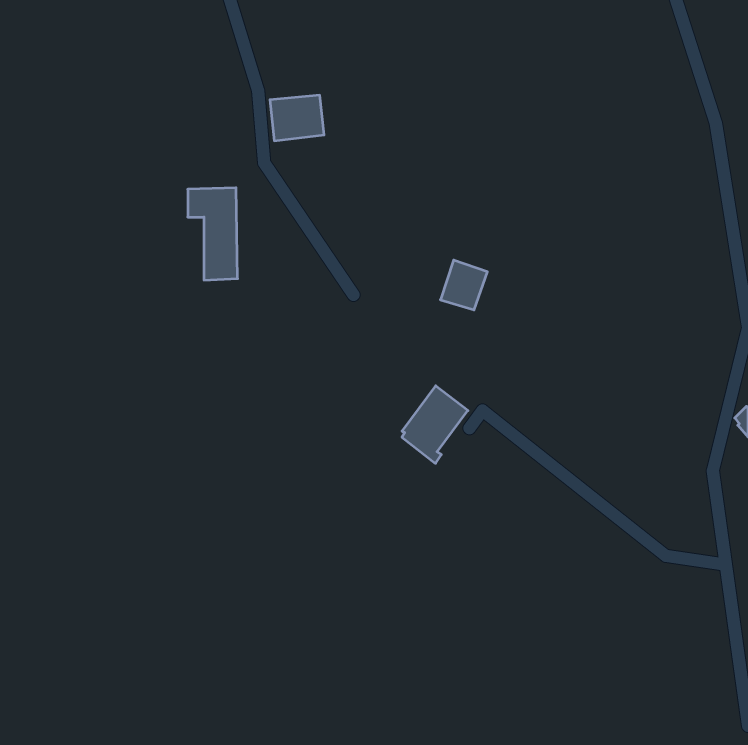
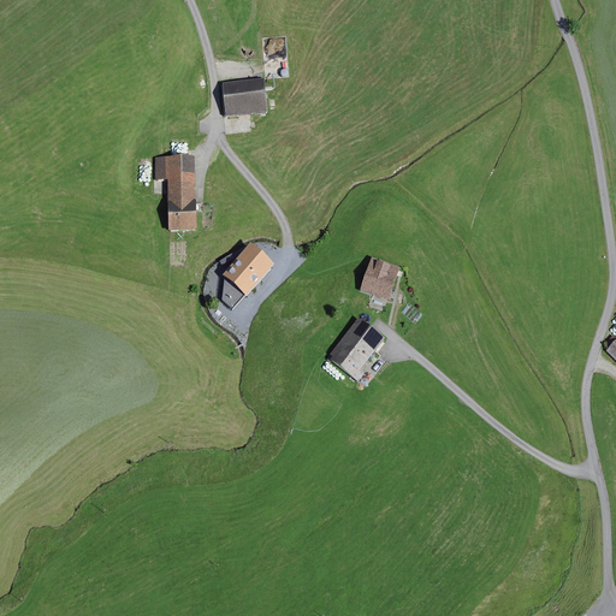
building: [440,260,487,310] -> [360,256,398,297]
building: none -> [220,243,274,308]

